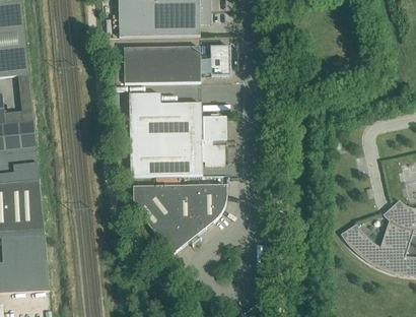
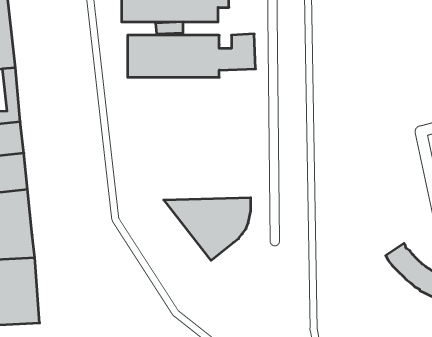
building: [128,93,224,176] -> none
building: [133,186,193,254] -> none

